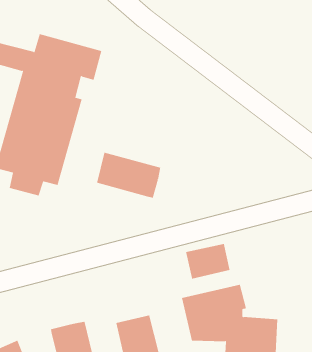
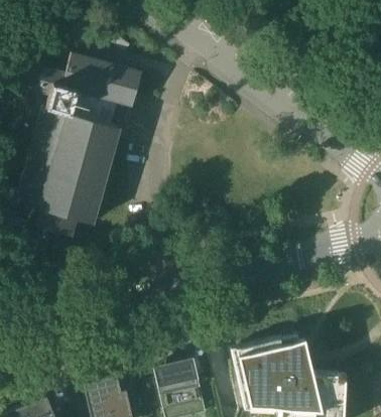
building: [96,152,161,199] -> none
building: [185,243,230,279] -> none

